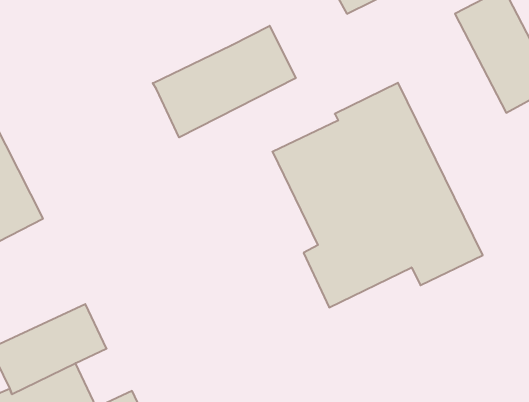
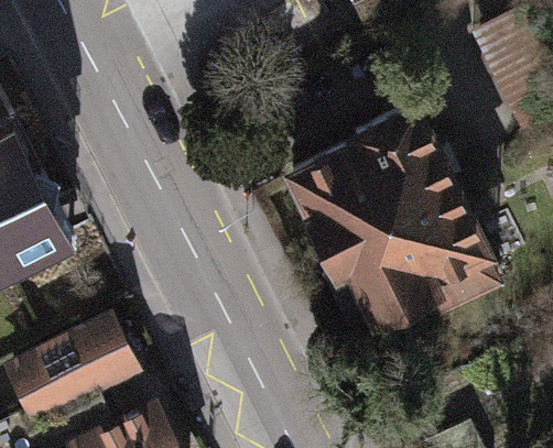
building: [153,26,296,137] -> none

